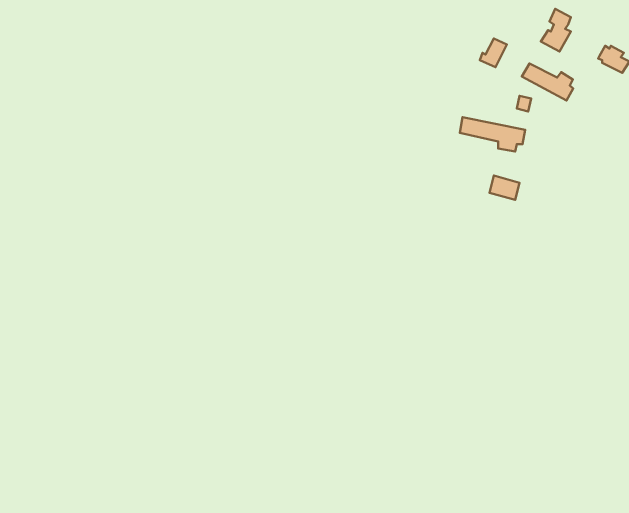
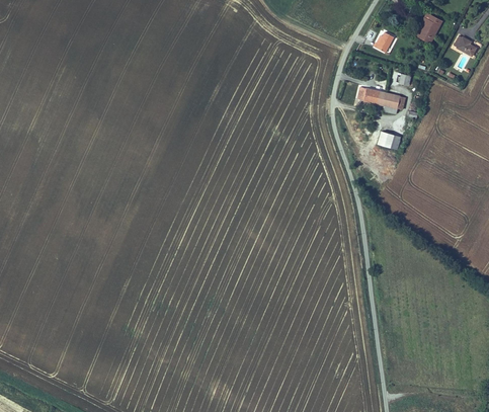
building: [522,63,573,101] -> none

